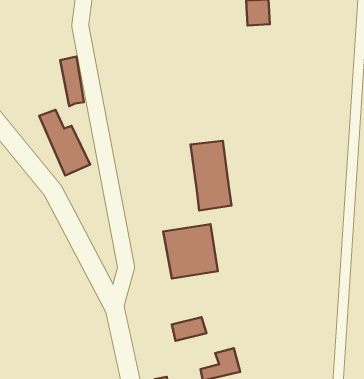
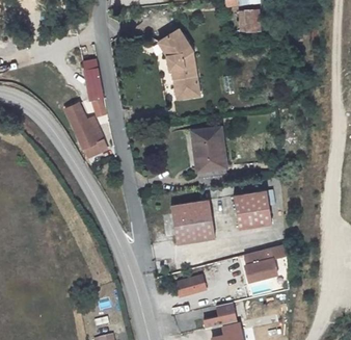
building: none -> [159,29,199,100]
building: none -> [232,189,271,229]
building: none -> [243,245,285,282]

